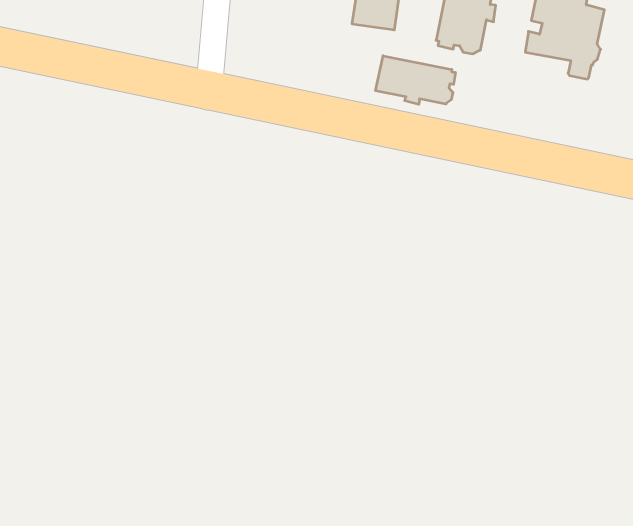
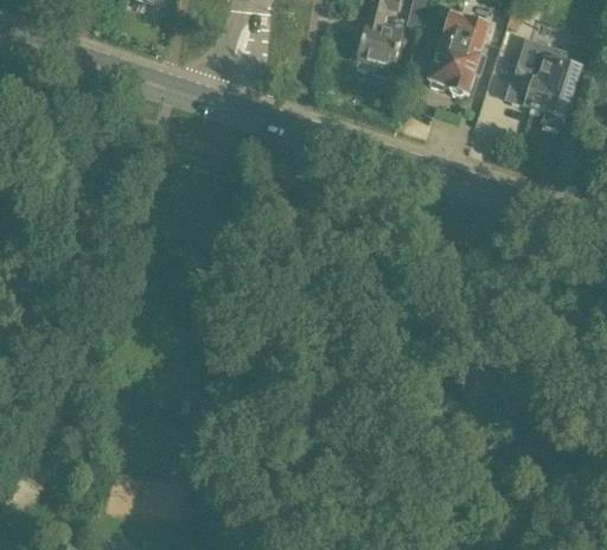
building: [376,56,455,104] -> none

